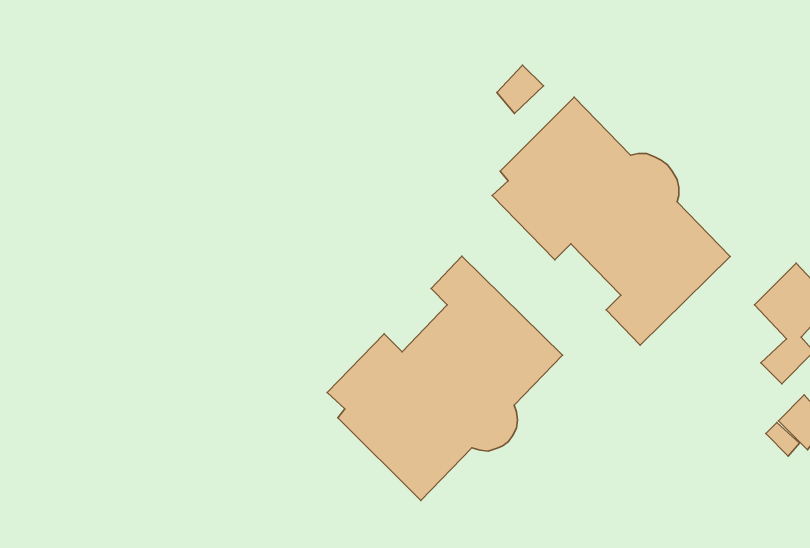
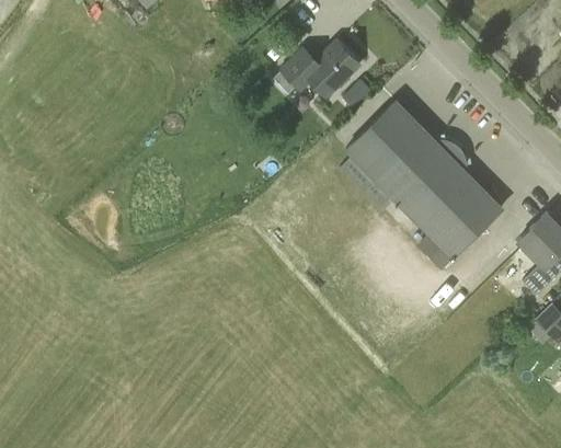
building: none -> [280,39,359,95]
building: [327,256,562,501] -> none

